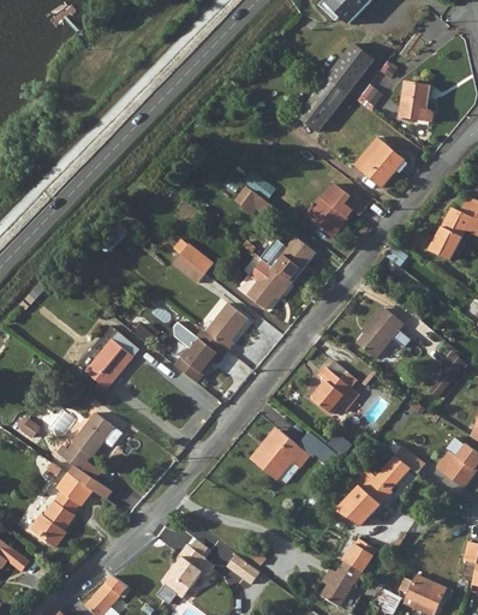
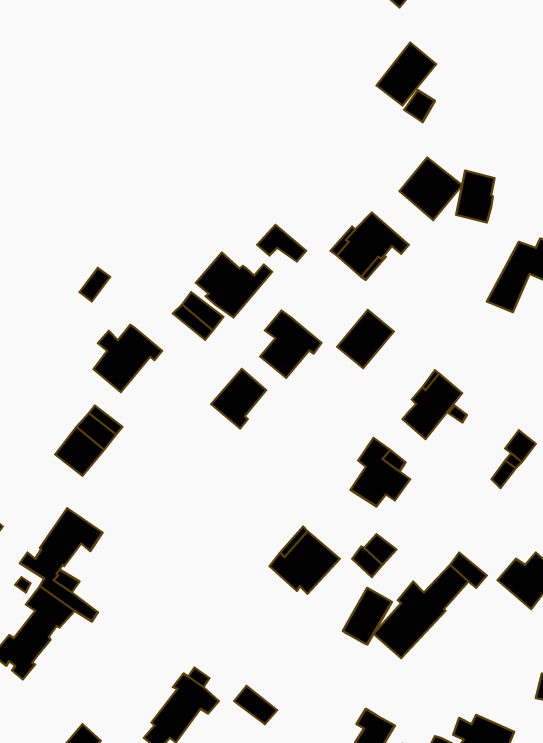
building: [399,79,429,120] -> [456,170,494,222]
building: [306,82,357,135] -> none
building: none -> [196,252,272,318]
building: [273,238,317,283] -> [337,310,394,368]
building: [175,330,229,383] -> [93,325,162,392]
building: [334,541,372,585] -> [343,588,392,645]

